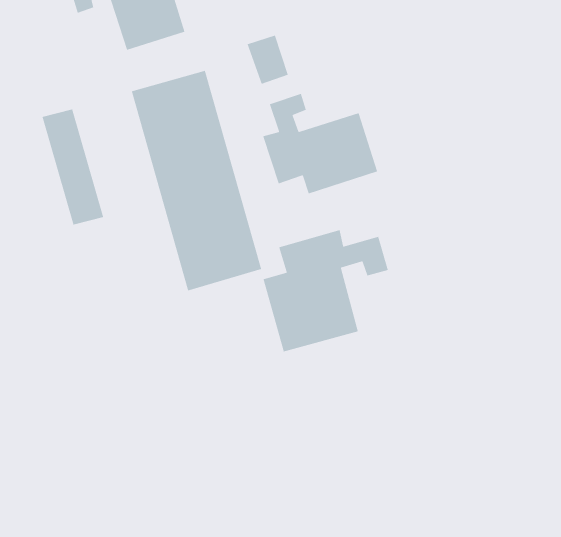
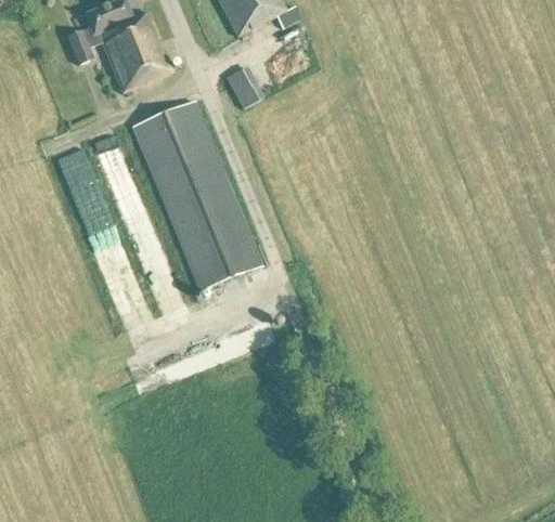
building: [262,93,378,195] -> none
building: [263,229,389,353] -> none

